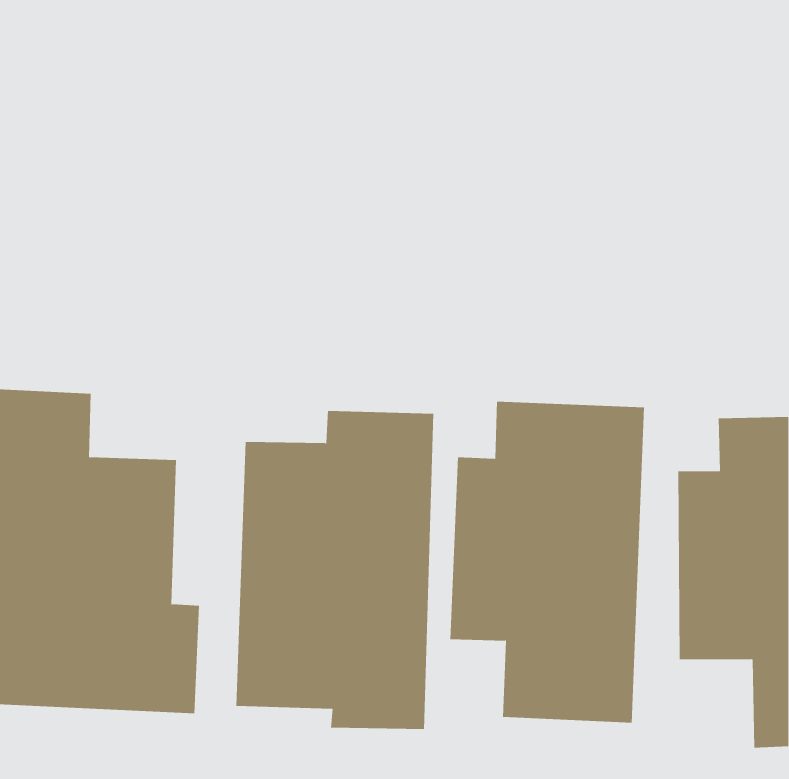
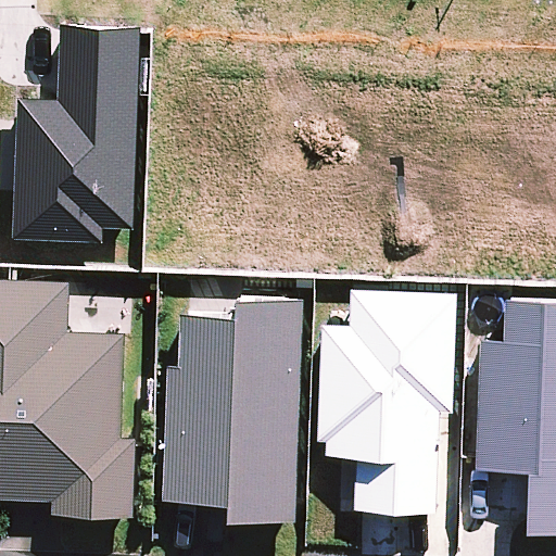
building: none -> [10,25,140,244]

